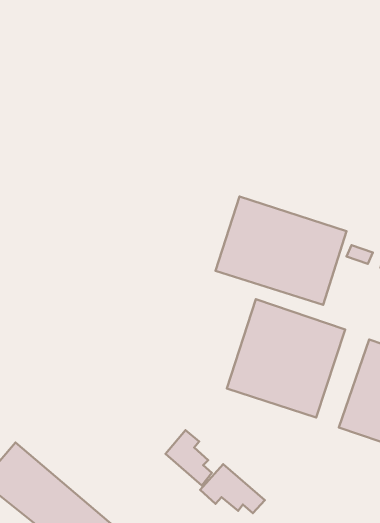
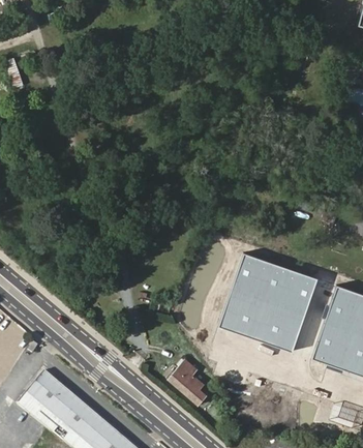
building: [215,197,347,305] -> none
building: [200,464,265,513] -> none

